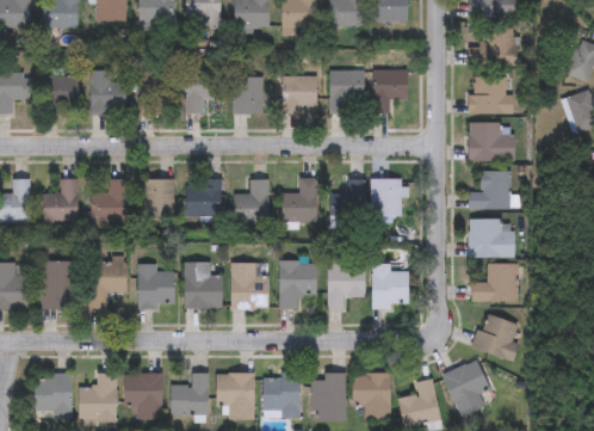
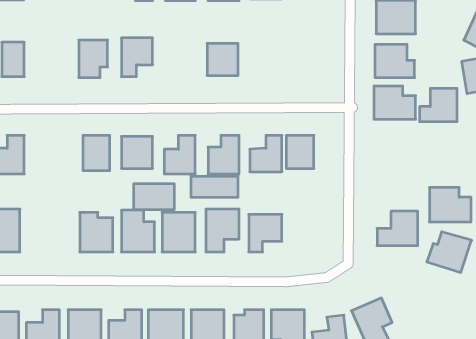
building: [91,69,125,113] -> none
building: [330,69,365,112] -> none
building: [376,69,409,112] -> none
building: [233,76,261,113] -> none
building: [468,171,509,208] -> [420,88,457,122]
building: [91,178,125,220] -> none
building: [468,218,514,257] -> [429,188,471,222]
building: none -> [191,176,238,197]
building: none -> [134,184,174,210]
building: [91,259,128,308] -> none
building: [372,264,409,308] -> none
building: [470,314,520,359] -> [427,232,472,272]

